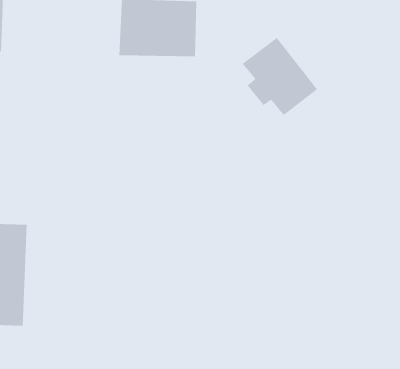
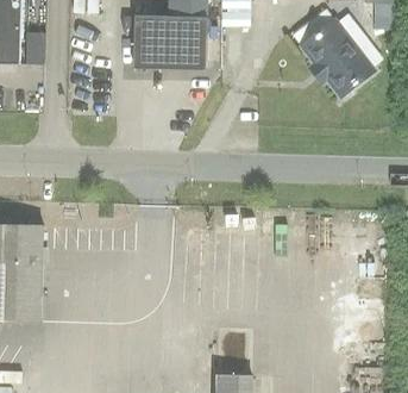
building: [242,37,318,116] -> [302,21,374,95]

